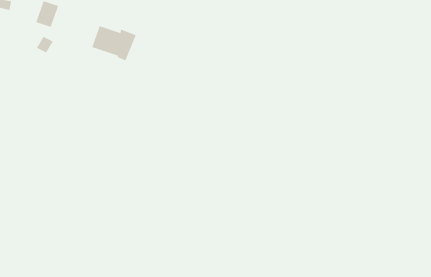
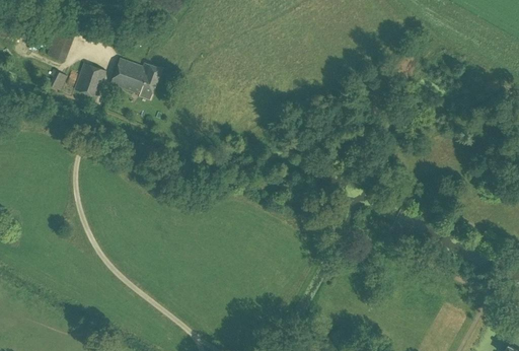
building: none -> [75,64,105,97]

